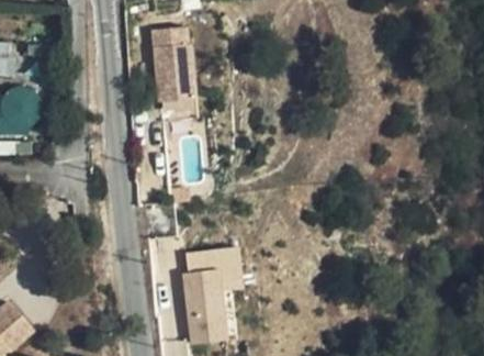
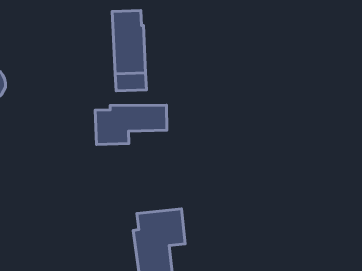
building: none -> [95,105,167,144]

